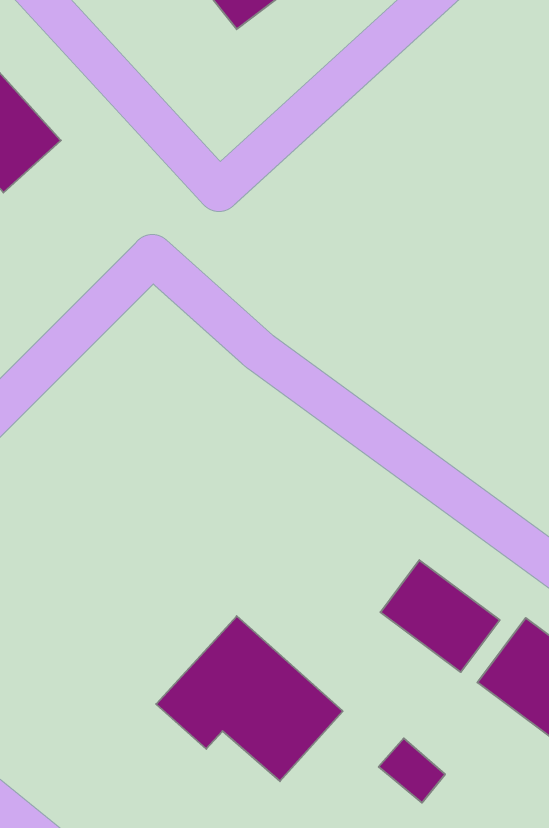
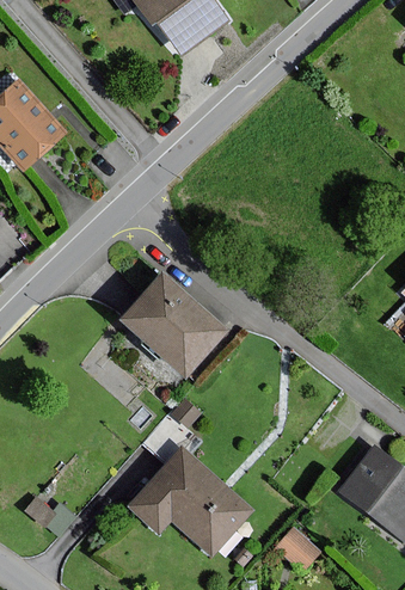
building: none -> [118,275,221,375]
building: [380,560,500,672] -> none

